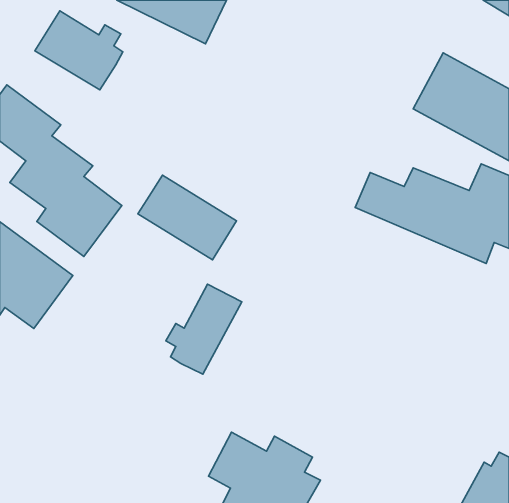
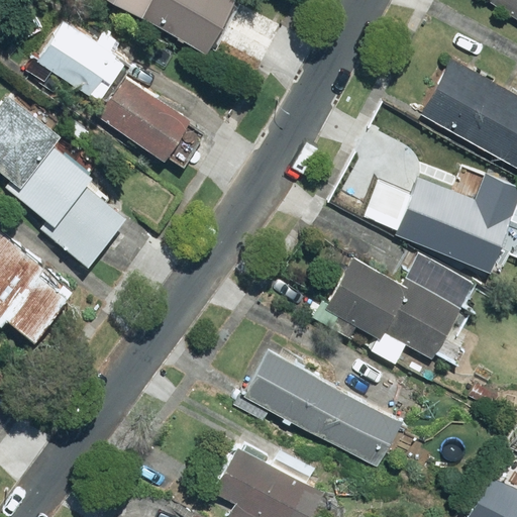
building: [138,175,237,260] -> [92,73,192,159]
building: none -> [309,258,474,366]
building: [166,284,242,374] -> none
building: none -> [236,349,404,472]

